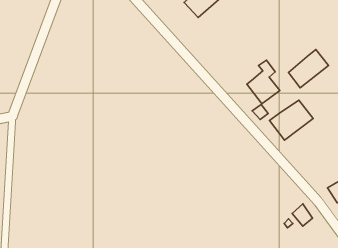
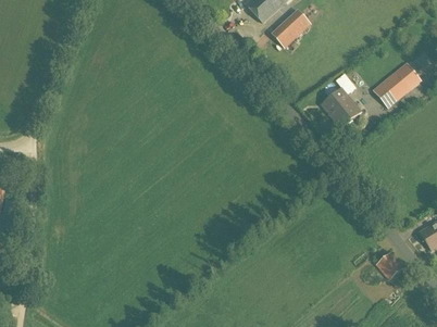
building: none -> [272,11,303,47]
building: [269,100,313,140] -> none

